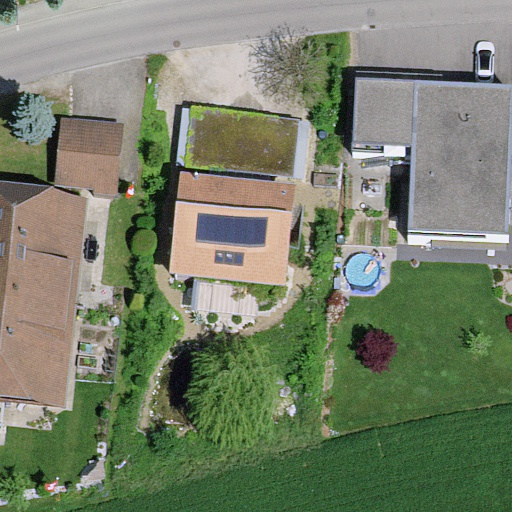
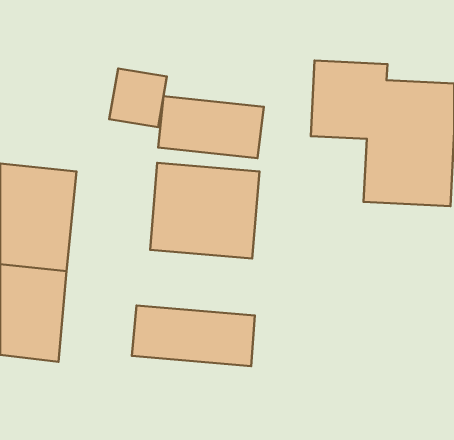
building: [53,116,118,182] -> [109,68,167,127]
building: none -> [132,305,255,366]

